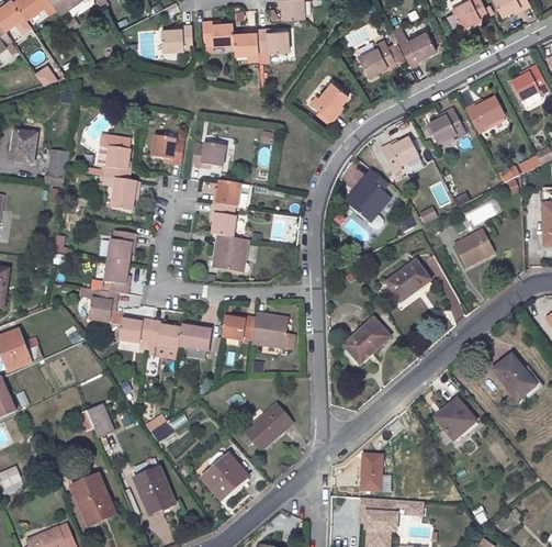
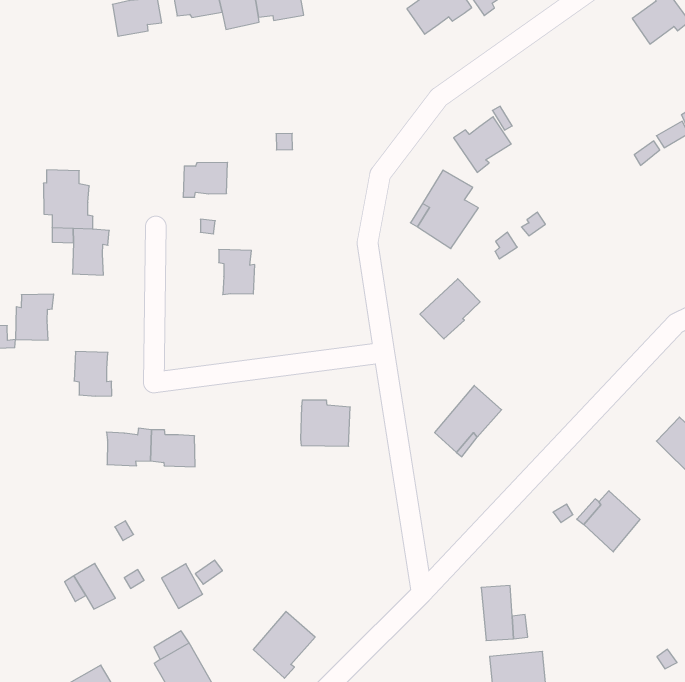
building: [311,81,349,121] -> none
building: [465,97,505,133] -> none
building: [429,109,466,144] -> none
building: [151,136,185,165] -> none
building: [213,181,241,208] -> none
building: [454,230,494,267] -> none
building: [108,232,137,265] -> [15,294,54,340]
building: [215,235,248,272] -> none
building: [387,261,429,301] -> [420,279,480,339]
building: [86,289,117,323] -> none
building: [222,315,256,342] -> none
building: [179,325,213,351] -> none
building: [240,404,290,450] -> none

